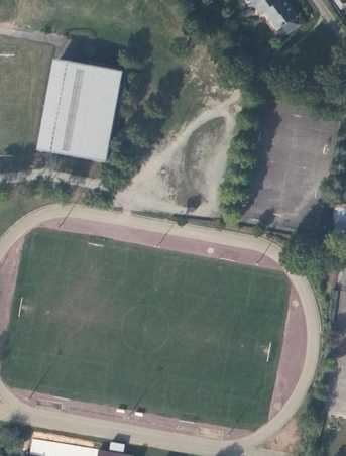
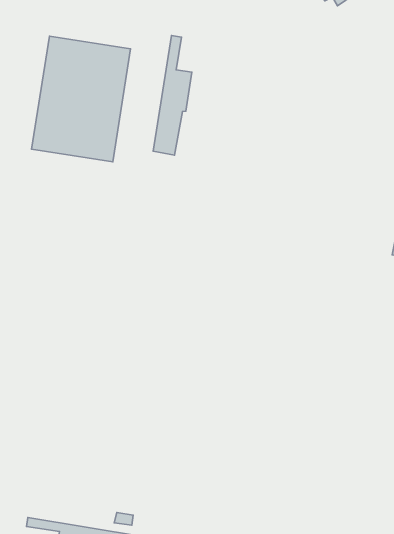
building: none -> [153,35,192,155]

